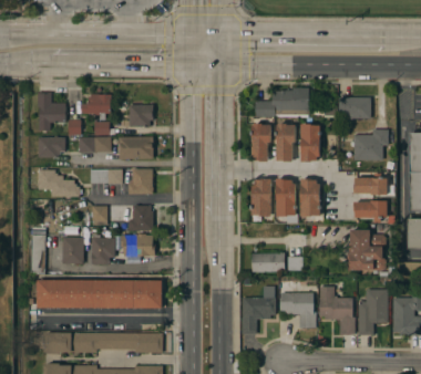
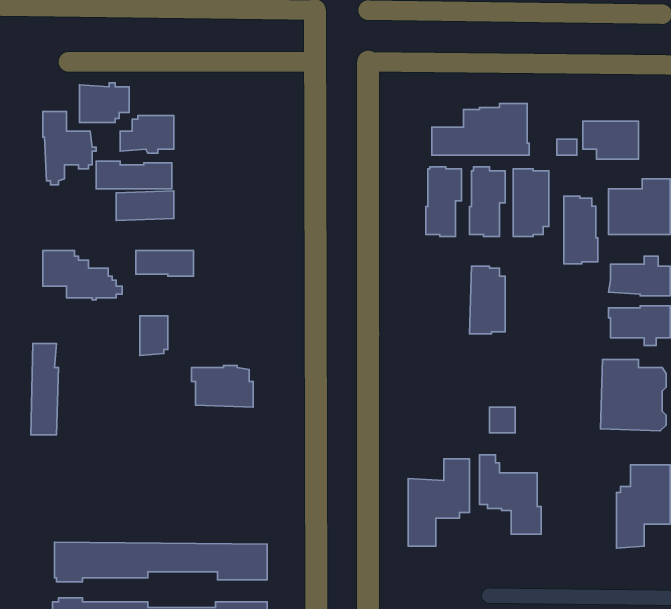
building: [130,104,153,126] -> none
building: [38,135,65,157] -> [80,83,129,123]
building: [119,136,154,158] -> none
building: [129,168,153,194] -> none
building: [251,178,271,216] -> none
building: [301,178,320,216] -> [564,196,598,264]
building: [129,205,153,230] -> none
building: [62,237,84,264] -> none
building: [91,238,115,264] -> none
building: [251,253,285,271] -> none
building: [38,280,162,308] -> none
building: [319,287,355,334] -> none

